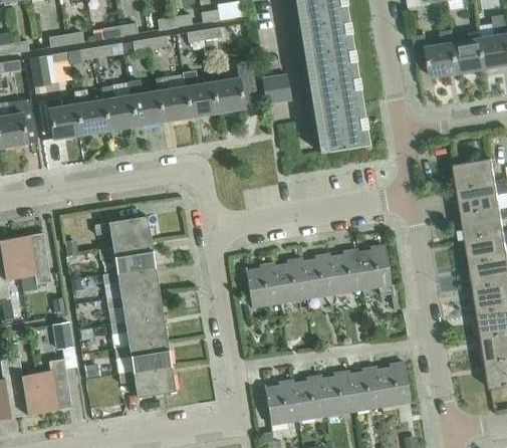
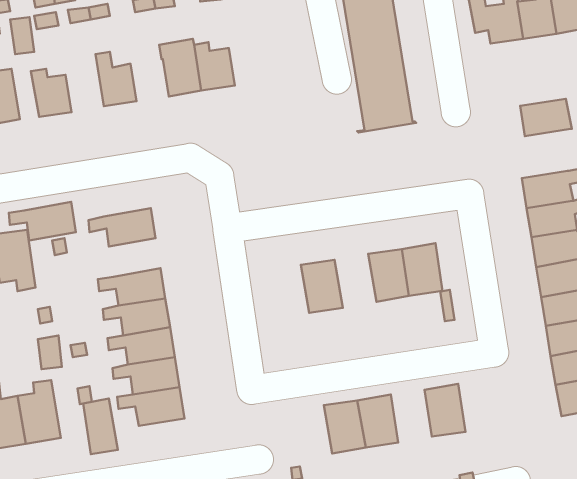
building: [209,61,257,113] -> none
building: [261,73,290,103] -> none
building: [126,79,162,126] -> none
building: [74,89,107,135] -> none
building: [453,159,496,190] -> [520,99,572,136]
building: [98,240,155,272] -> [9,202,76,240]
building: [300,253,335,298] -> none
building: [244,262,279,307] -> none
building: [347,367,382,411] -> none
building: none -> [83,398,118,454]
building: [263,380,298,424] -> none

